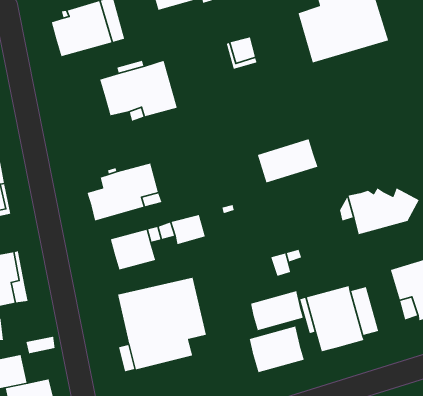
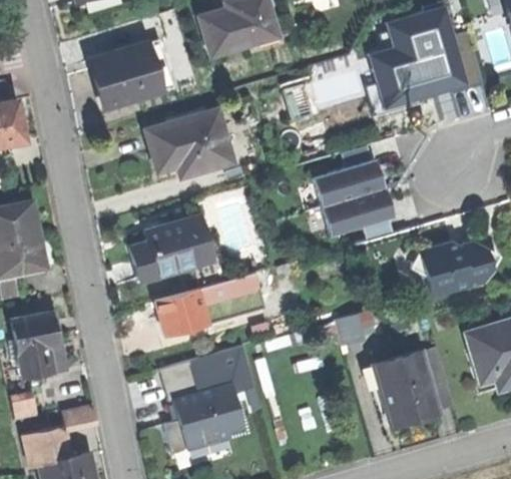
building: none -> [309,159,377,209]
building: [250,290,304,331] -> none
building: [249,325,305,373] -> none

